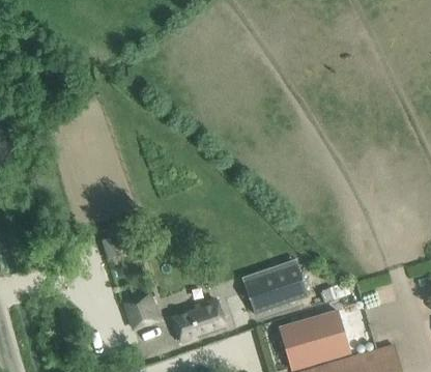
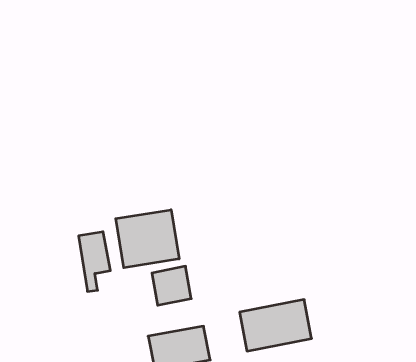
building: none -> [116,210,179,268]
building: [123,292,159,327] -> [152,266,191,305]

